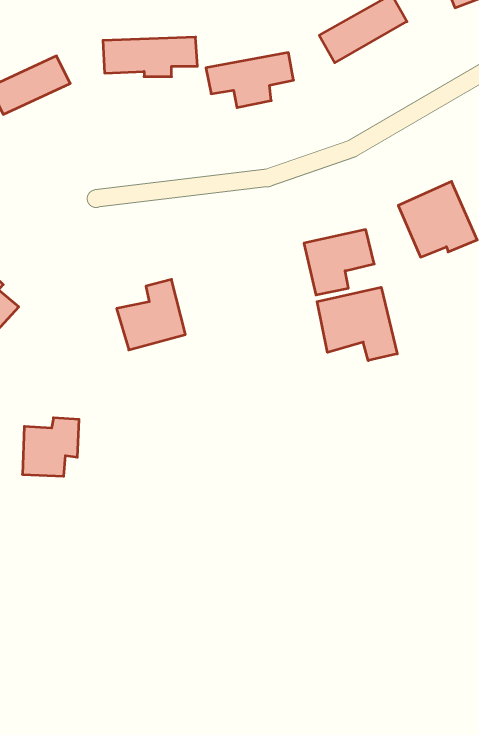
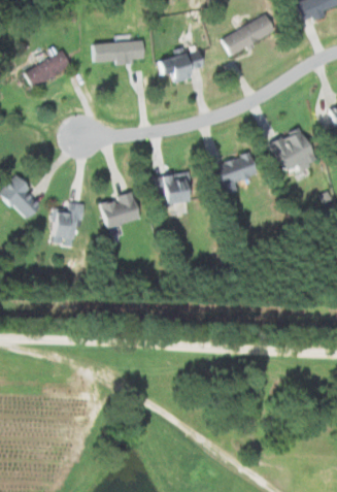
building: none -> [155,172,191,206]
building: [317,287,397,361] -> none
building: [22,418,79,476] -> [52,202,86,237]

